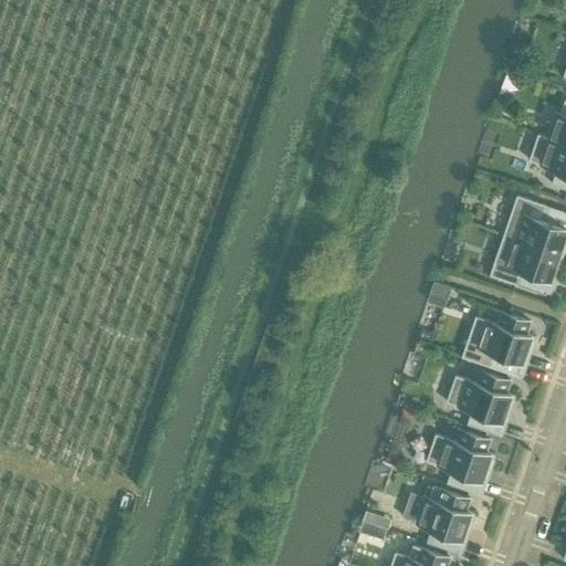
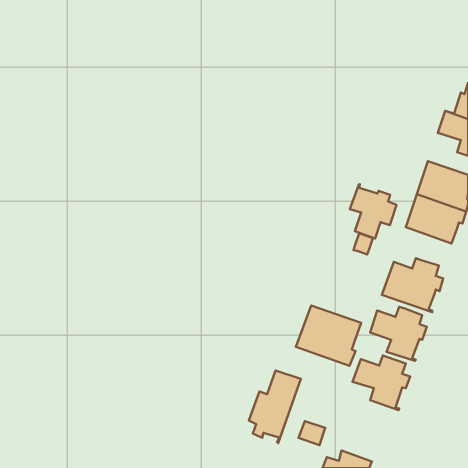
building: none -> [350,184,397,238]
building: none -> [296,305,361,366]
building: none -> [249,371,301,443]
building: [416,485,475,554] -> none

